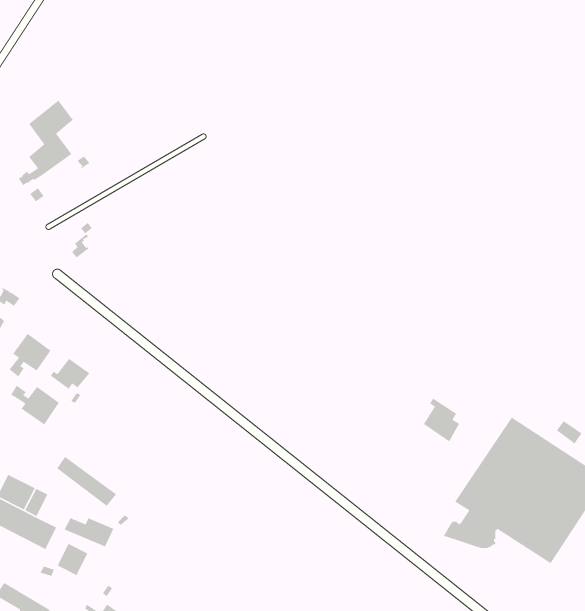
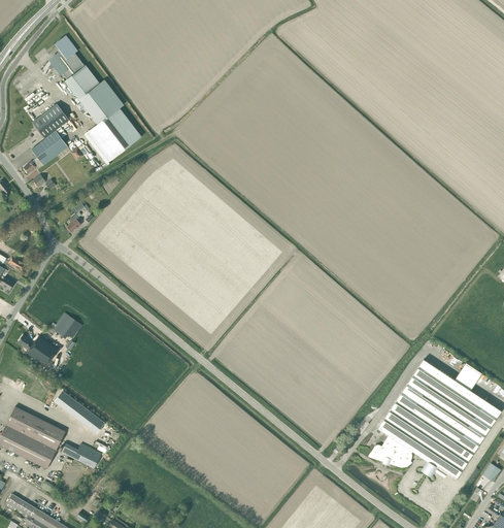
building: none -> [47,36,142,160]
building: [8,333,51,377] -> none
building: [423,398,460,442] -> none
building: [57,543,88,576] -> [39,423,65,450]

